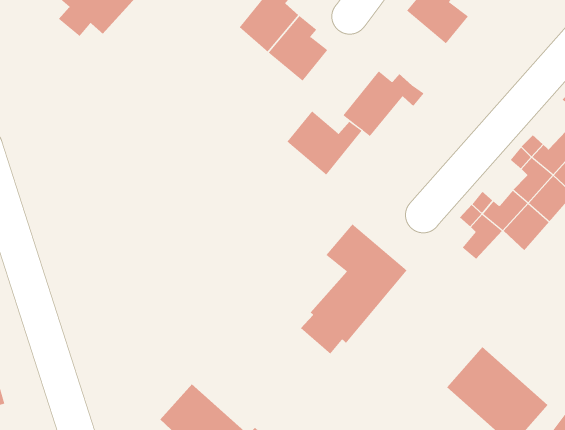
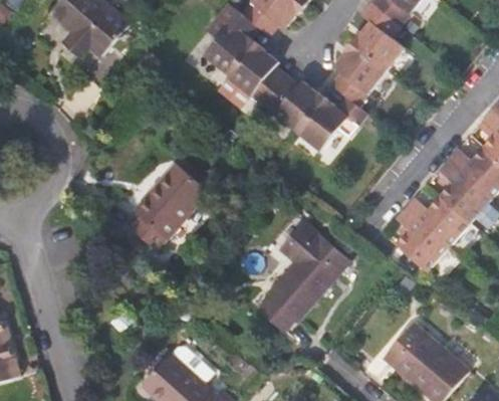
building: none -> [327,43,383,106]
building: [287,110,362,175] -> [263,76,326,131]
building: none -> [132,163,209,250]
building: none -> [408,227,448,268]

